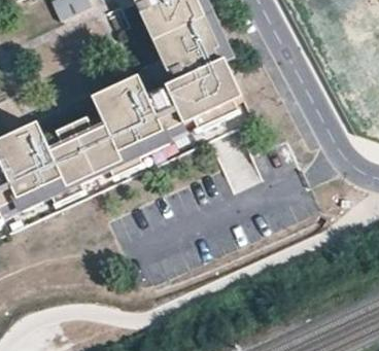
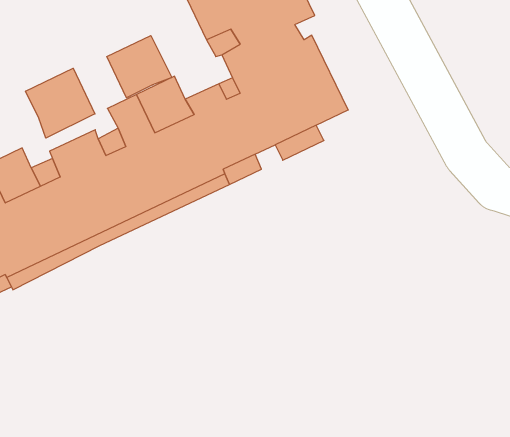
building: none -> [107,36,172,98]
building: none -> [26,68,95,138]

